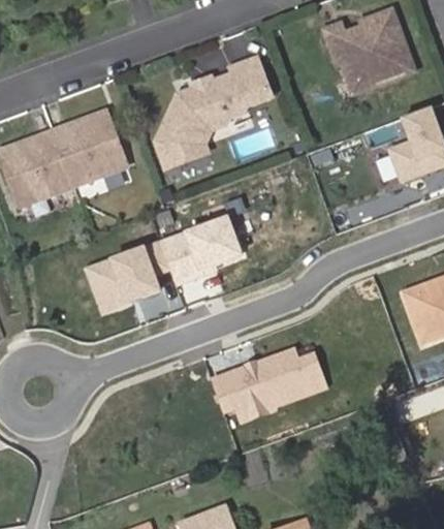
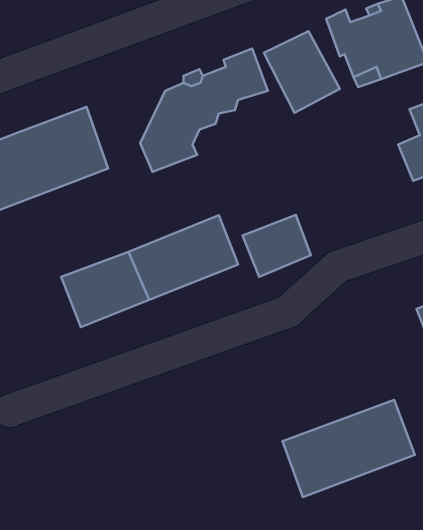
building: none -> [264,31,340,113]
building: none -> [242,215,311,277]
building: [211,338,330,426] -> [282,400,415,497]

